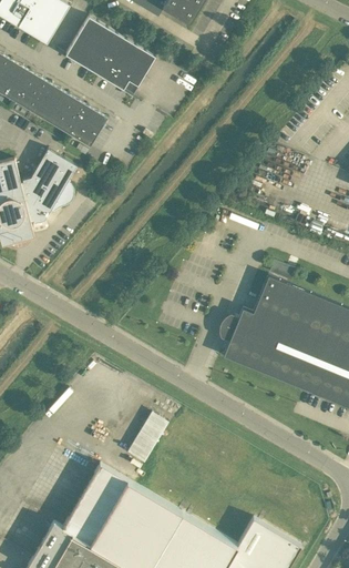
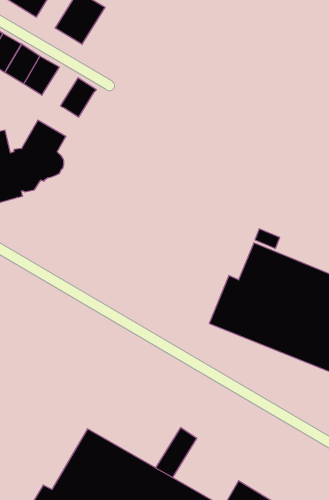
building: [93,34,155,93] -> none
building: [52,95,89,135] -> none
building: [126,410,168,462] -> [155,428,197,478]

